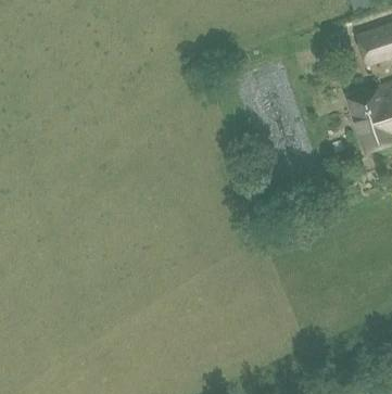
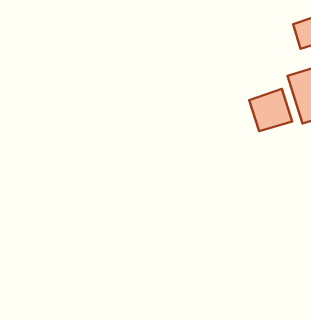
building: none -> [249,89,292,131]

